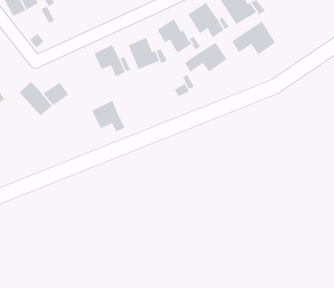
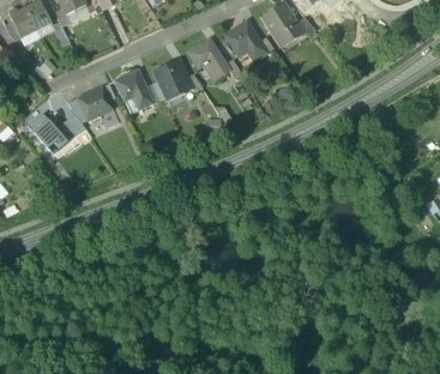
building: [231,21,276,55] -> none
building: [184,42,227,72] -> none
building: [91,100,125,132] -> [78,86,117,123]

